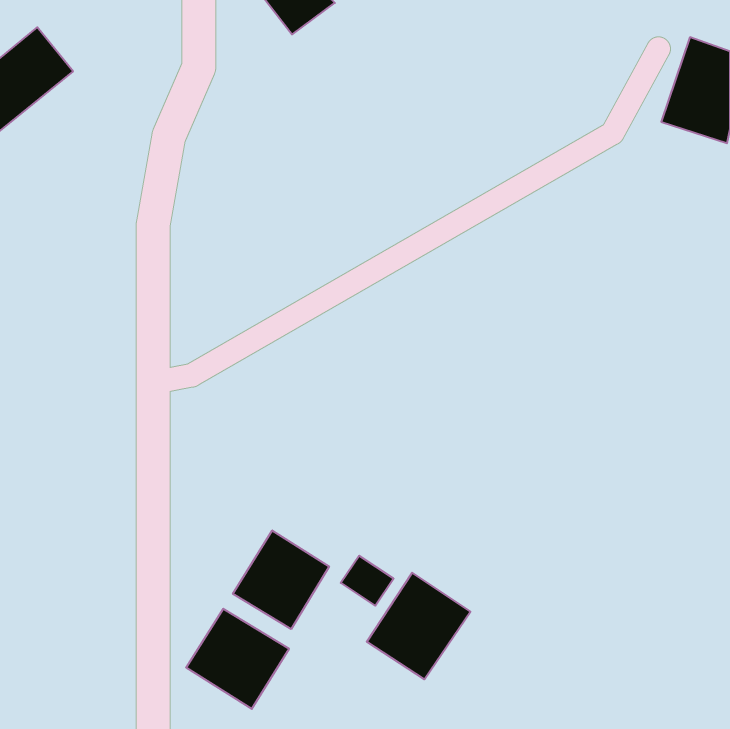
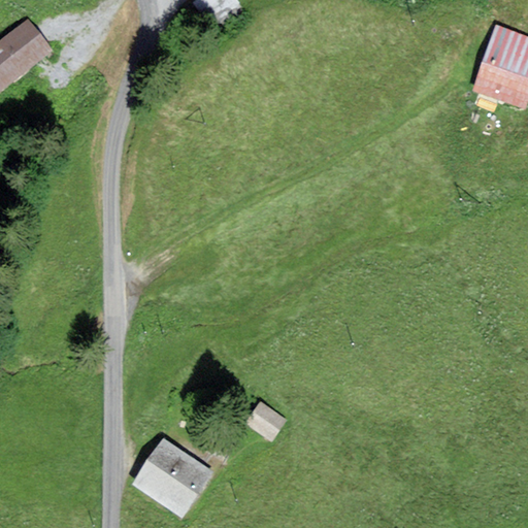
building: [233,530,329,629] -> none
building: [367,573,470,679] -> none

